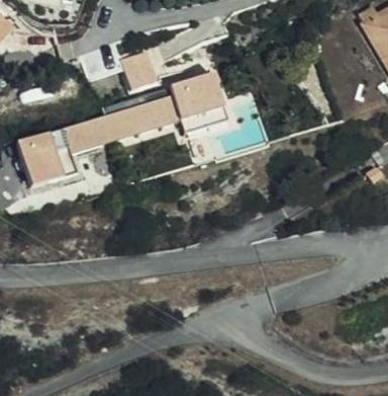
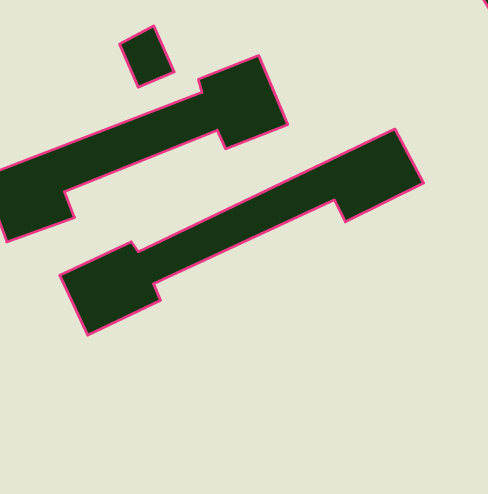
building: none -> [60,129,424,335]

